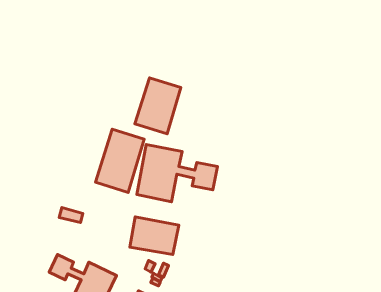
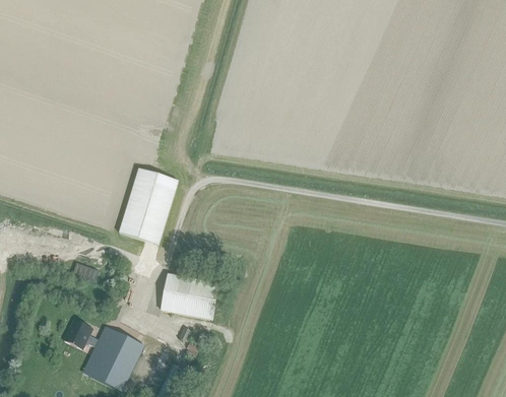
building: [135,78,181,134] -> none
building: [137,145,217,202] -> none

